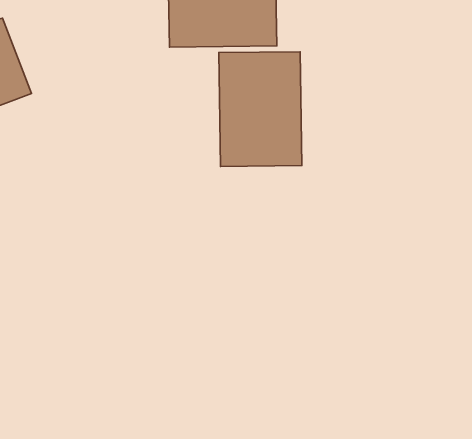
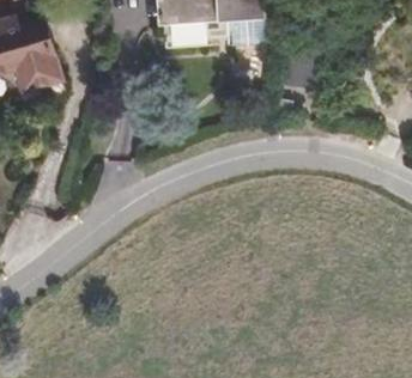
building: [219,52,302,166] -> none

